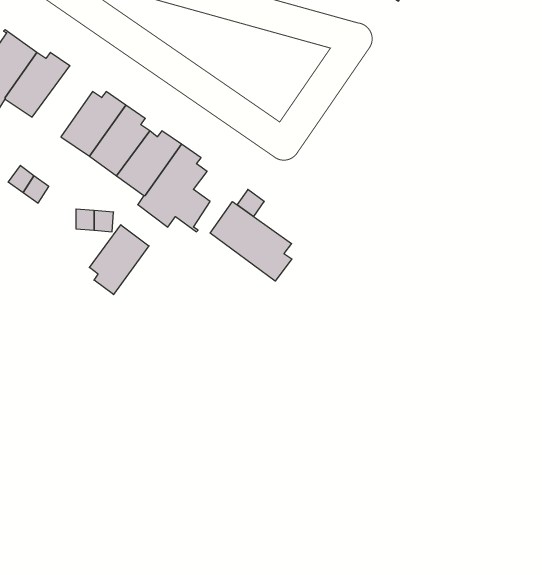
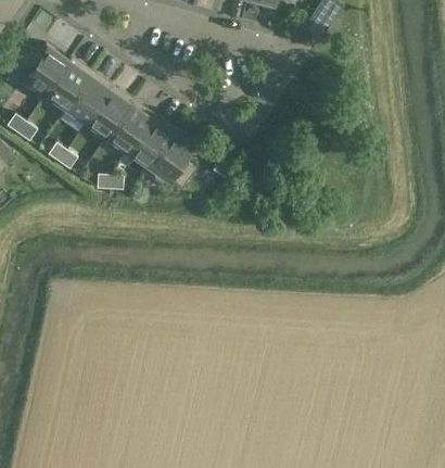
building: none -> [65,71,109,122]
building: [210,202,292,281] -> none
building: [89,225,149,295] -> none

